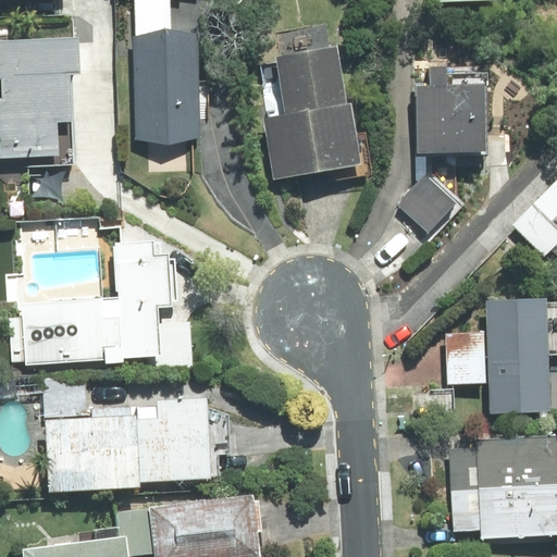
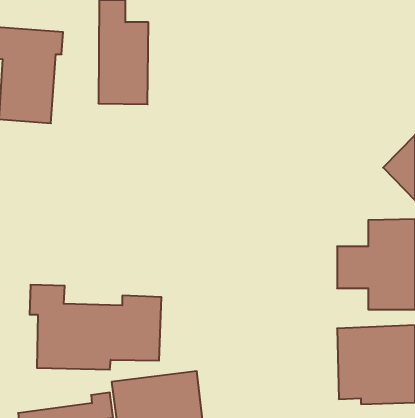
building: [261,38,363,177] -> none
building: [417,60,491,150] -> none
building: [388,165,460,237] -> none
building: [20,242,191,369] -> none

